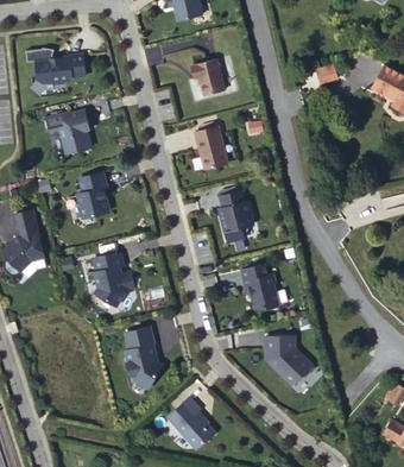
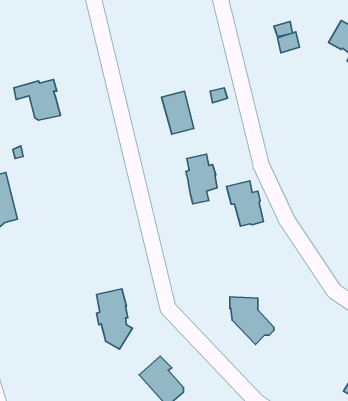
building: [34,53,84,83] -> none
building: [194,59,223,95] -> none
building: [78,175,111,221] -> none
building: [94,254,134,308] -> none
building: [239,264,277,310] -> [227,181,264,226]

